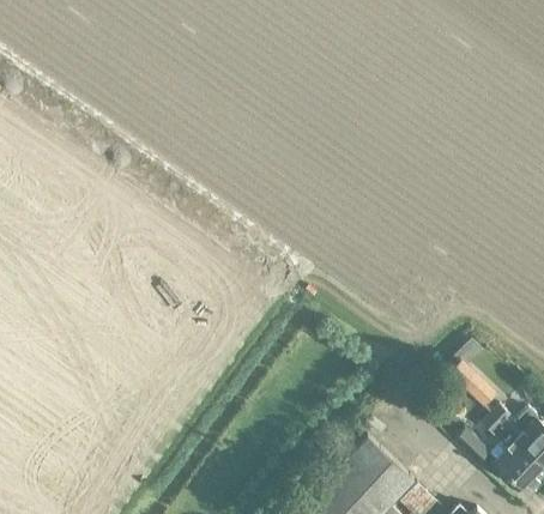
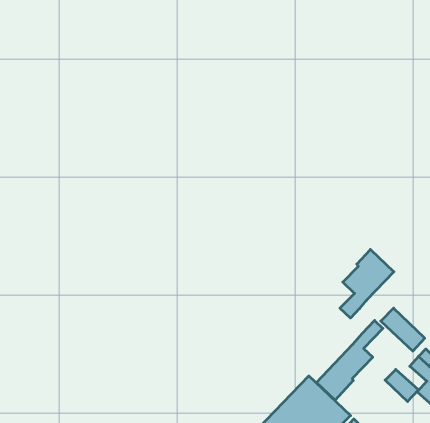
building: none -> [340,249,394,318]
building: none -> [317,320,383,400]

